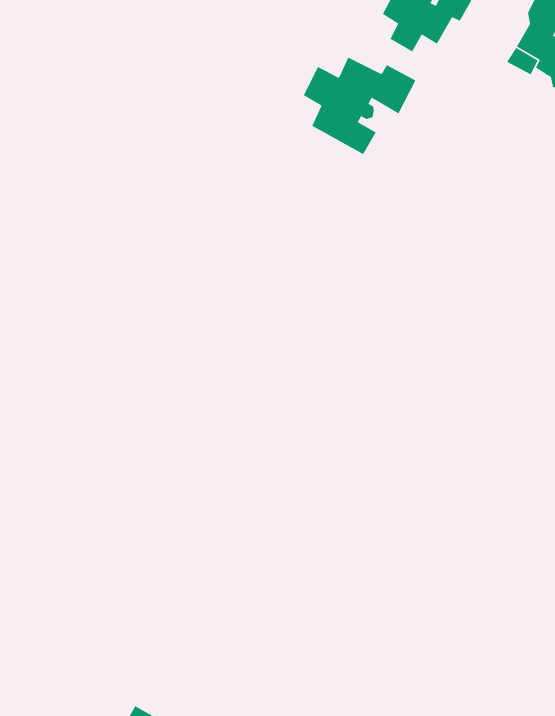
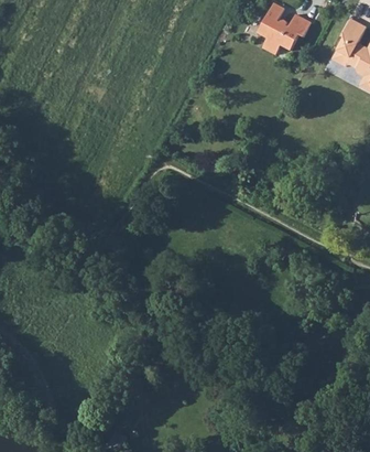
building: [303,56,416,155] -> none

